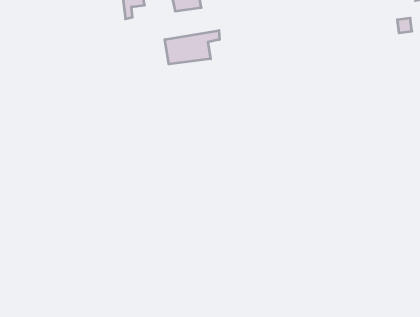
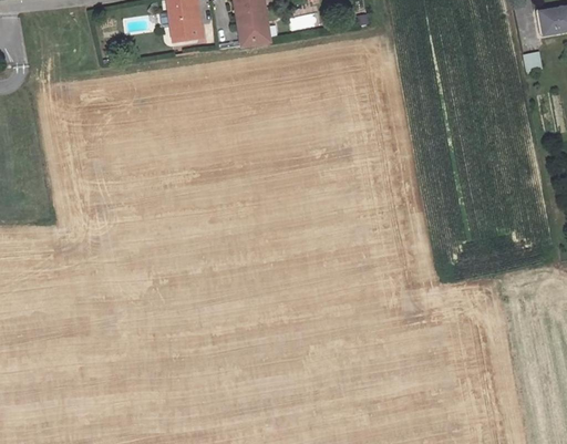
building: [165,30,219,64] -> none

